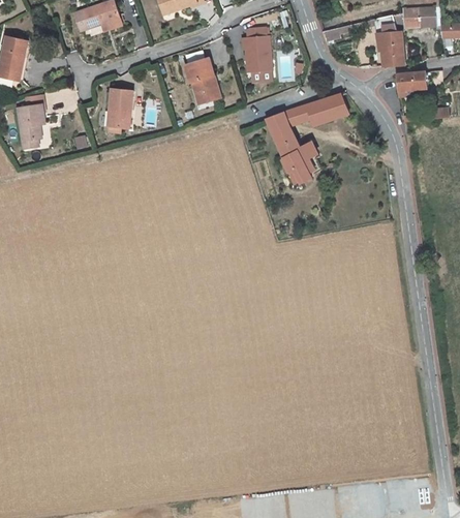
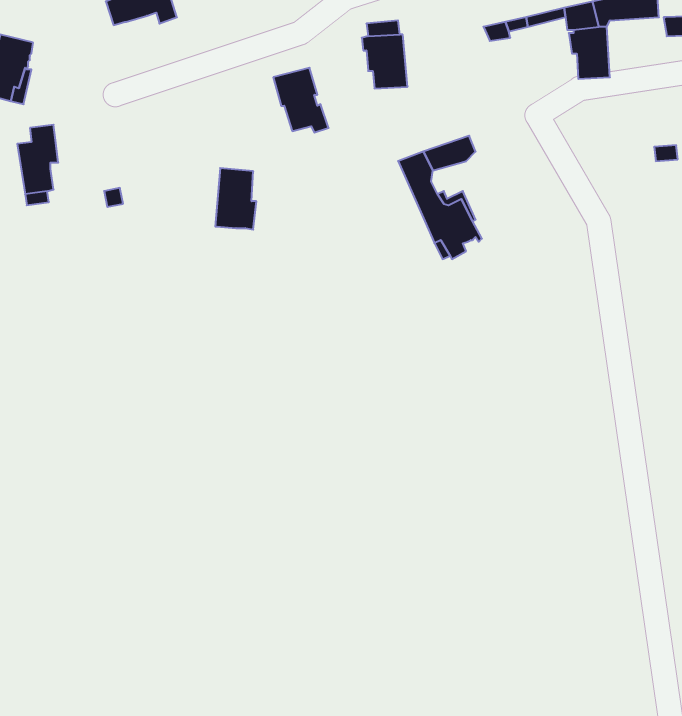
building: [397,72,426,96] -> none
building: [108,89,134,129] -> [215,168,256,230]
building: [310,94,348,126] -> none

